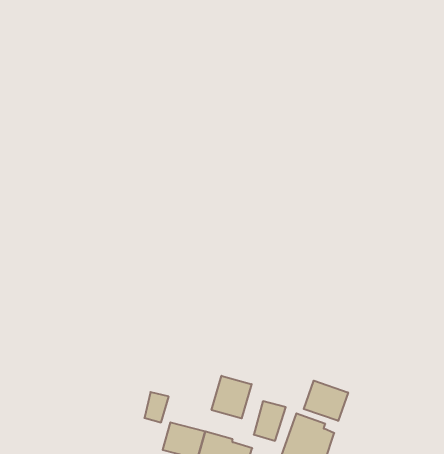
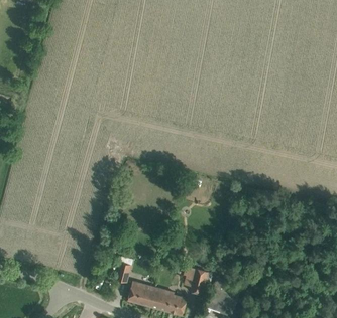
building: [212,376,252,418] -> none
building: [304,381,348,421] -> none

